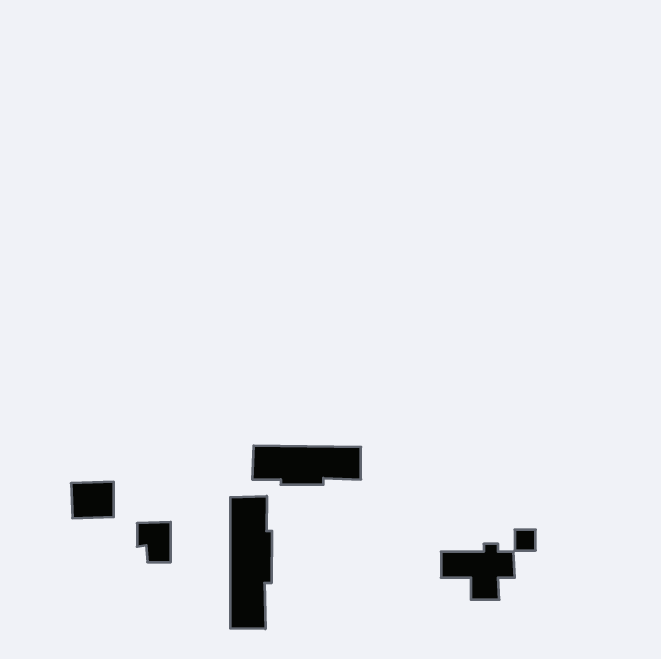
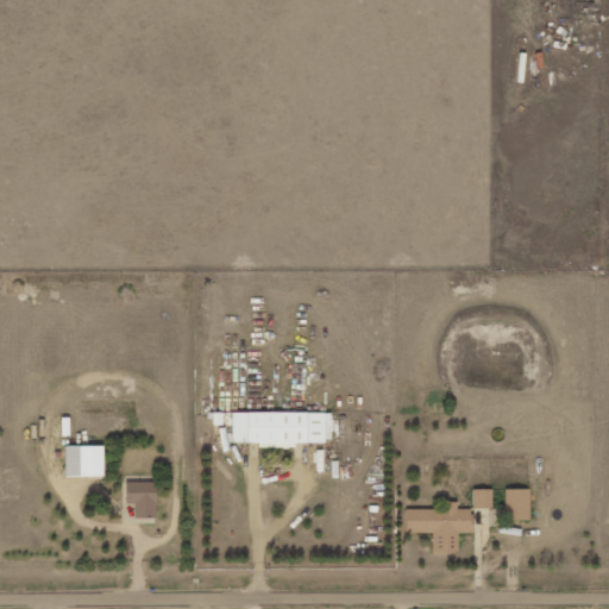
building: [230,496,272,629] -> none
building: none -> [506,488,530,519]

